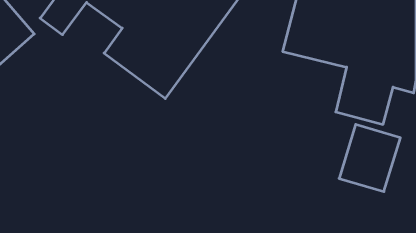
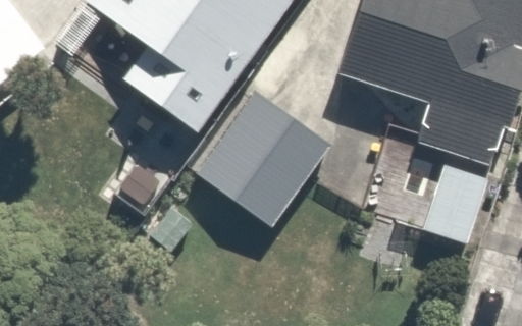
building: none -> [190,88,326,224]

